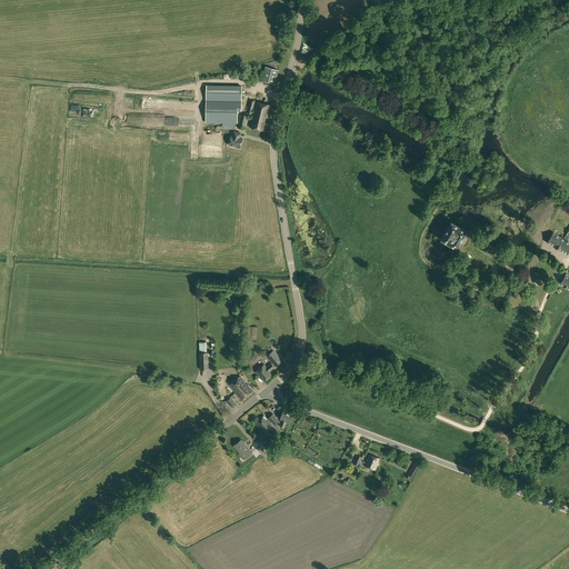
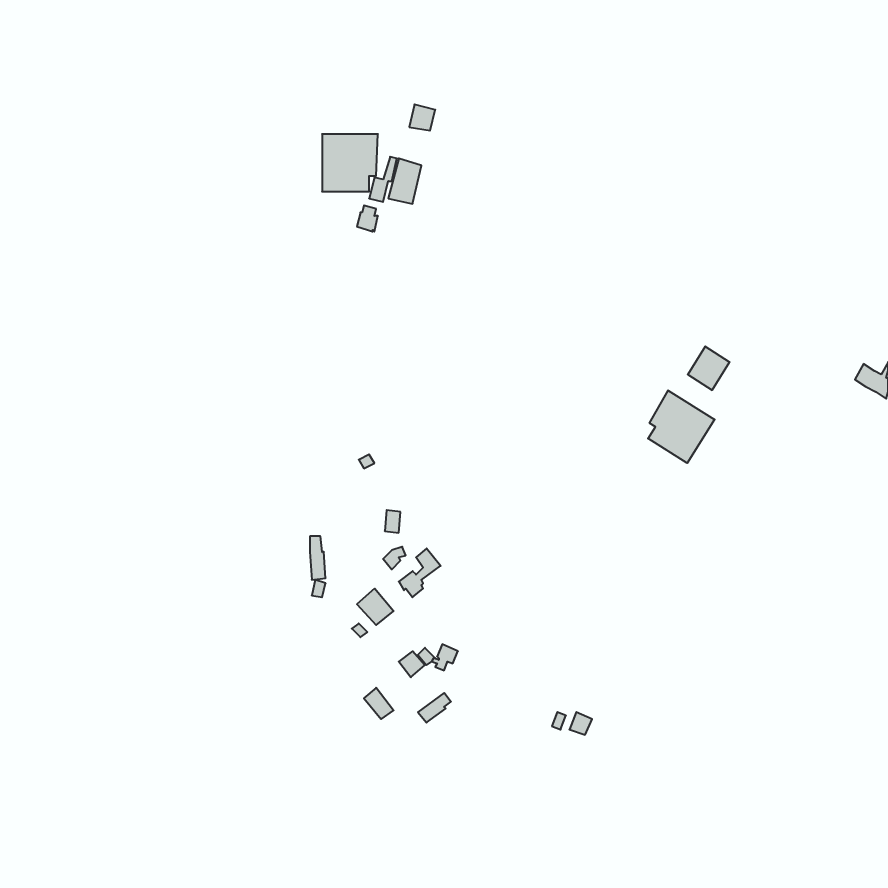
building: none -> [648,390,715,463]

